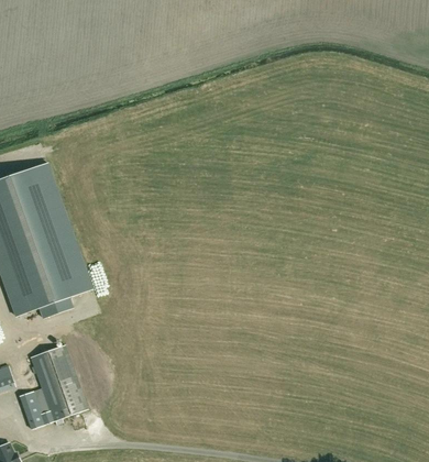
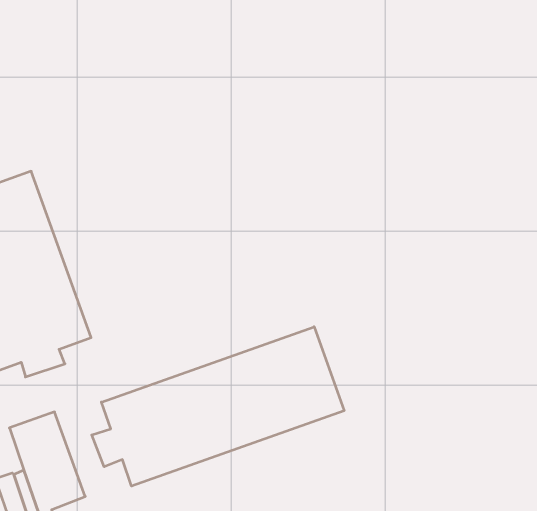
building: none -> [92,327,344,486]

